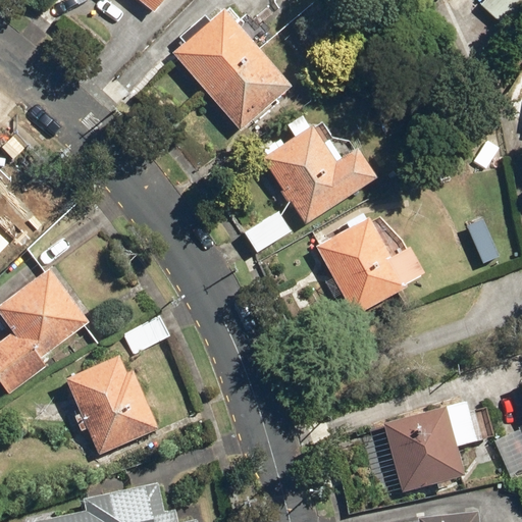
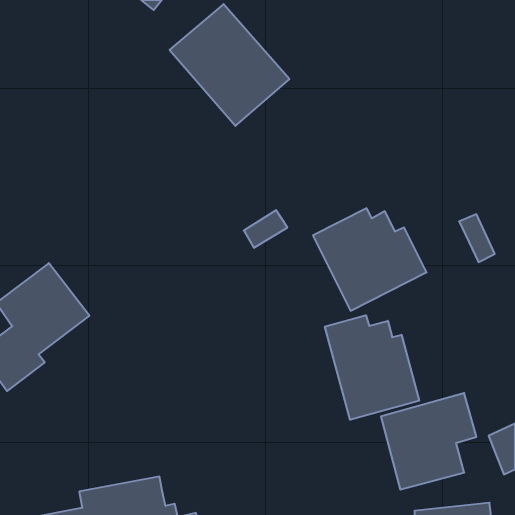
building: [262,115,378,224] -> none
building: none -> [325,315,419,420]
building: [63,355,158,455] -> none

